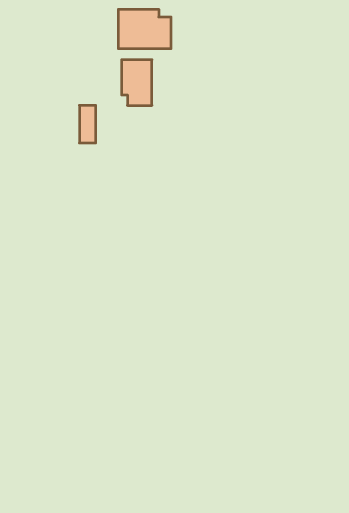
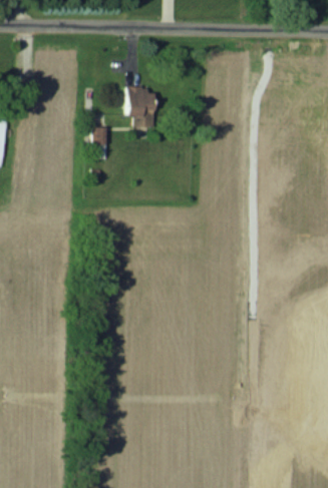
building: [118,9,171,49] -> none

